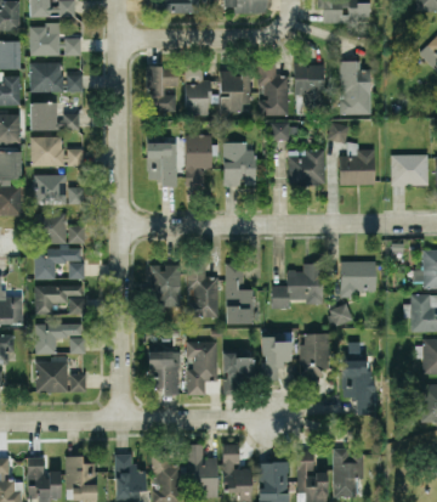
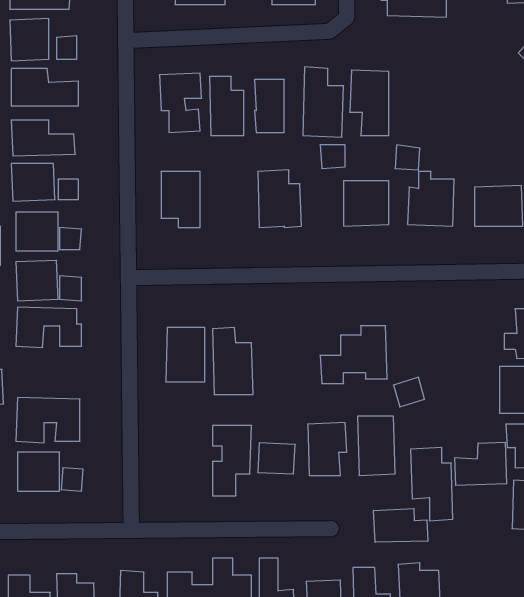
building: [340,61,371,113] -> none
building: [185,135,212,186] -> none
building: [340,260,376,297] -> none
building: [225,263,254,323] -> none
building: [35,284,84,314] -> none
building: [148,350,180,394] -> none
building: none -> [455,442,507,485]
building: none -> [374,508,428,542]

